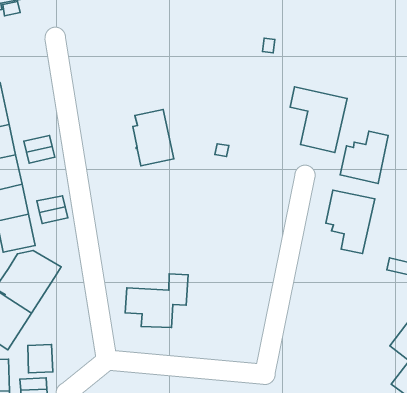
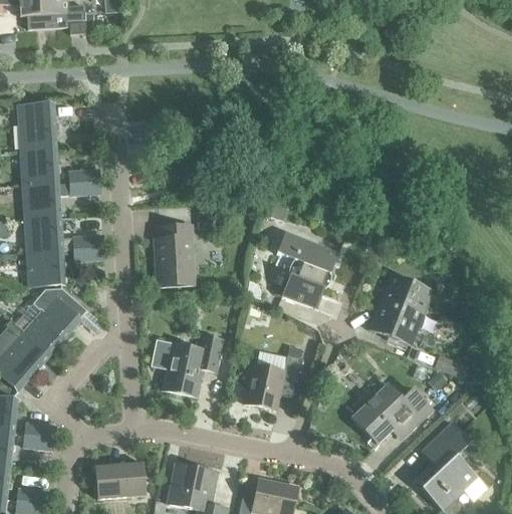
building: [290,87,347,152] -> [276,232,338,308]
building: [133,109,174,166] -> [155,226,193,282]
building: [340,131,388,183] -> none
building: none -> [244,355,299,410]
building: none -> [353,386,431,442]
building: [28,345,53,373] -> none

